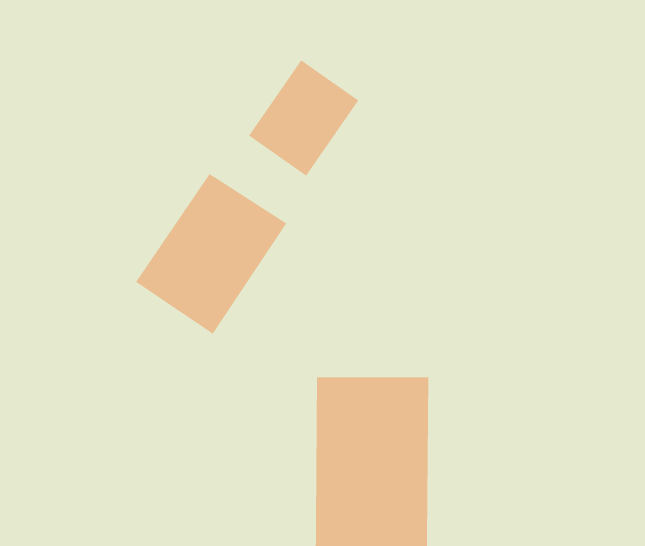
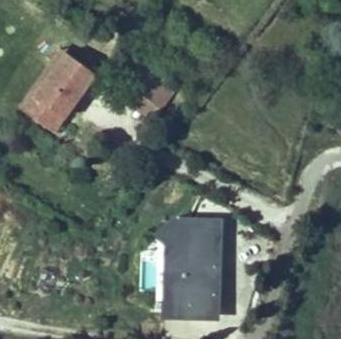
building: [135,173,287,335] -> [22,45,100,128]

